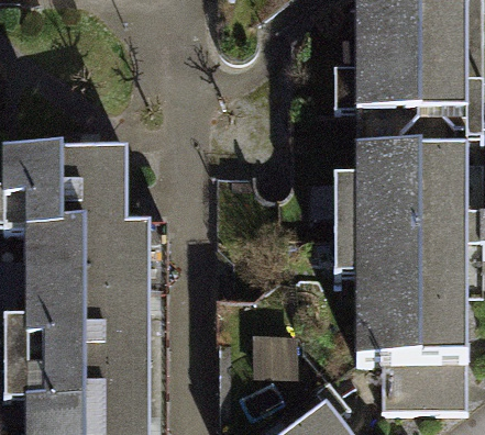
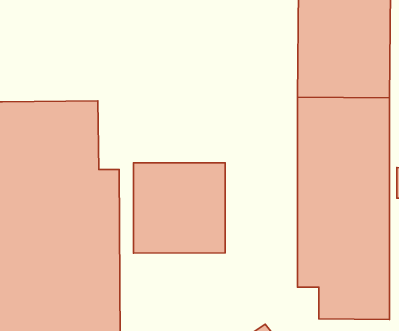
building: none -> [133,163,225,253]

